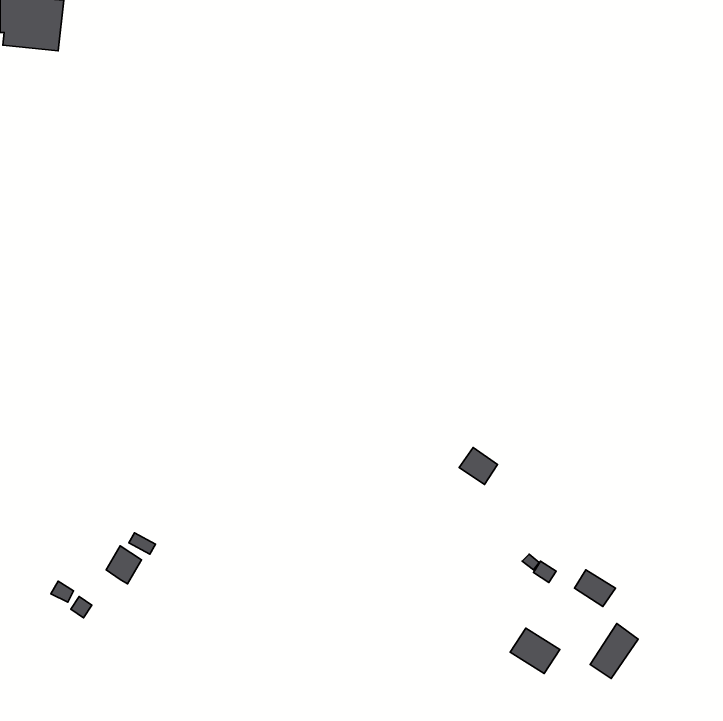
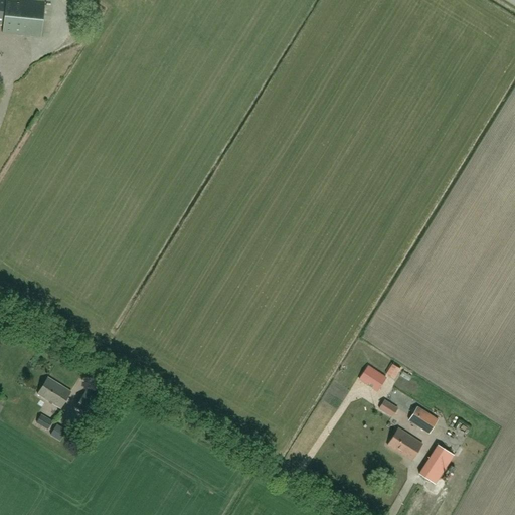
building: [459,448,497,484] -> [358,365,385,391]
building: none -> [37,376,71,407]
building: [510,628,560,673] -> [387,426,422,459]

